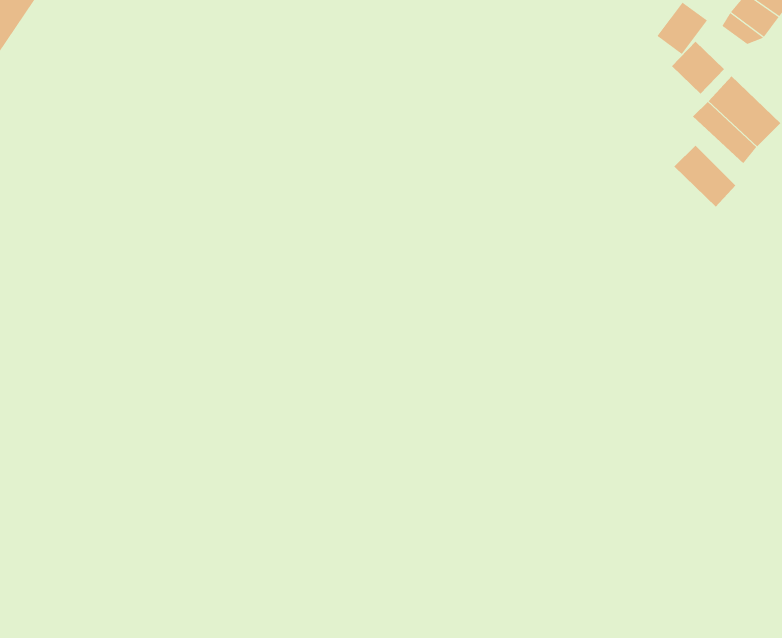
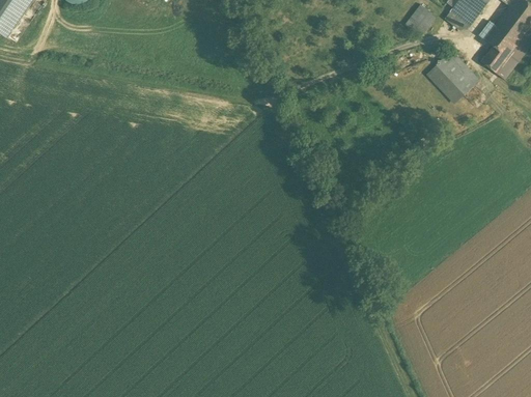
building: [671,41,725,95] -> none
building: [674,145,736,207] -> none

